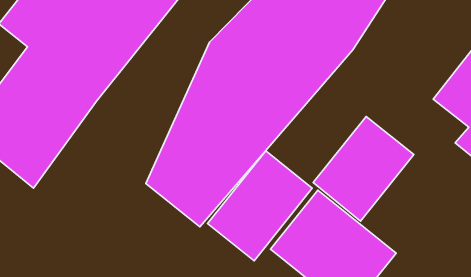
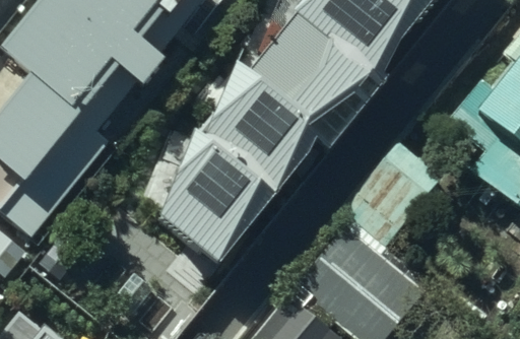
building: [207,151,312,261] -> none

